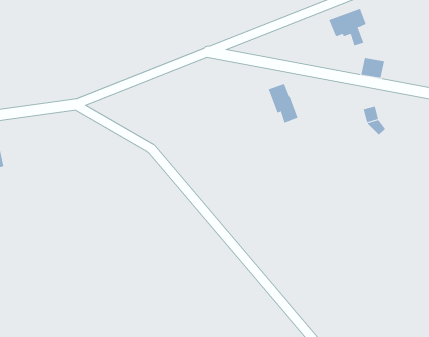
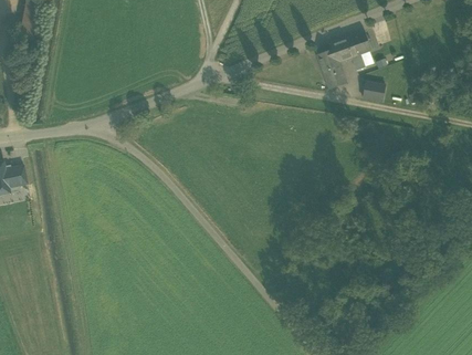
building: [268,79,299,124] -> [316,44,346,87]

